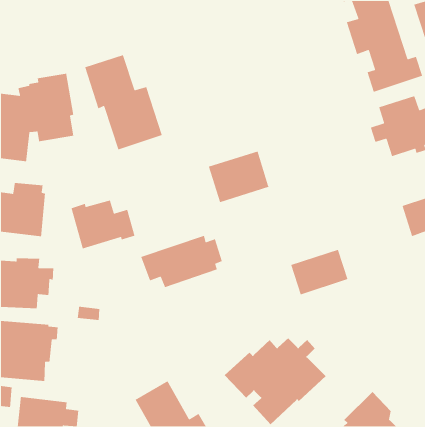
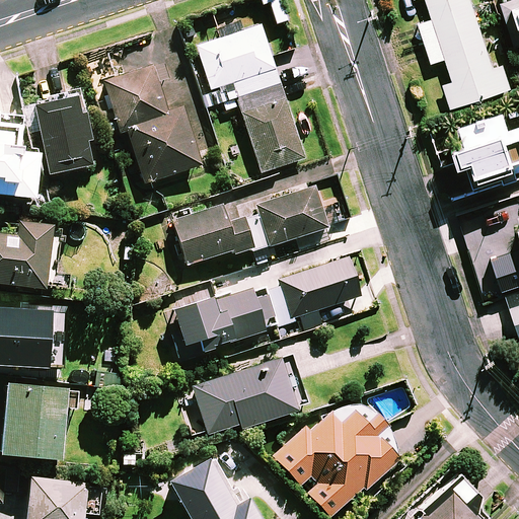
building: none -> [197,25,304,172]
building: [70,200,135,250] -> [172,204,251,265]
building: [290,249,349,295] -> [279,261,350,317]
building: none -> [193,354,308,434]

